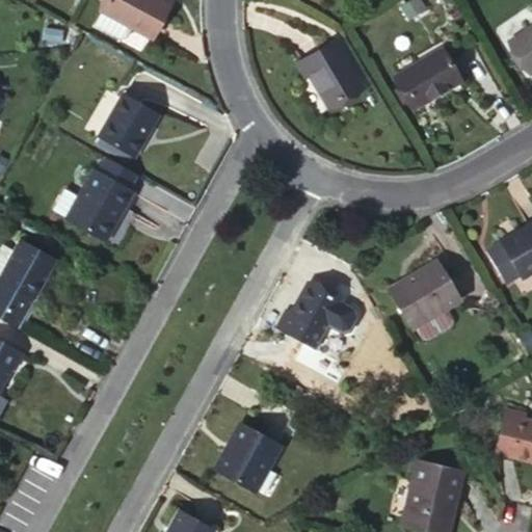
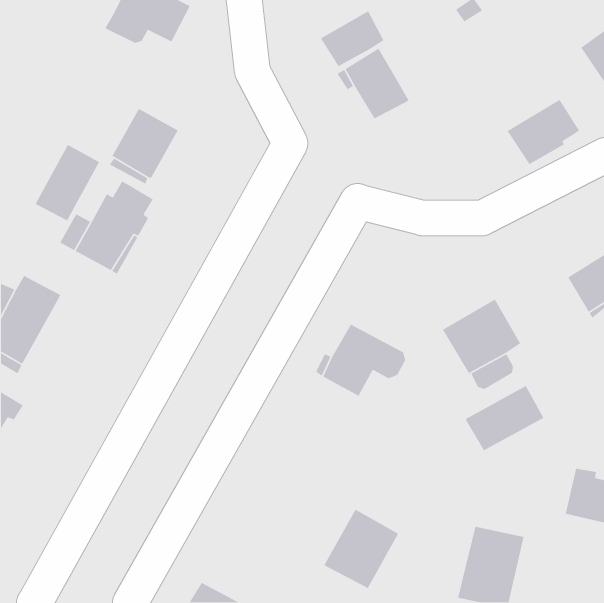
building: none -> [320,10,385,67]
building: [395,50,459,108] -> [507,99,580,165]
building: none -> [35,144,100,222]
building: none -> [465,385,544,452]
building: [215,420,282,490] -> [323,509,399,589]

